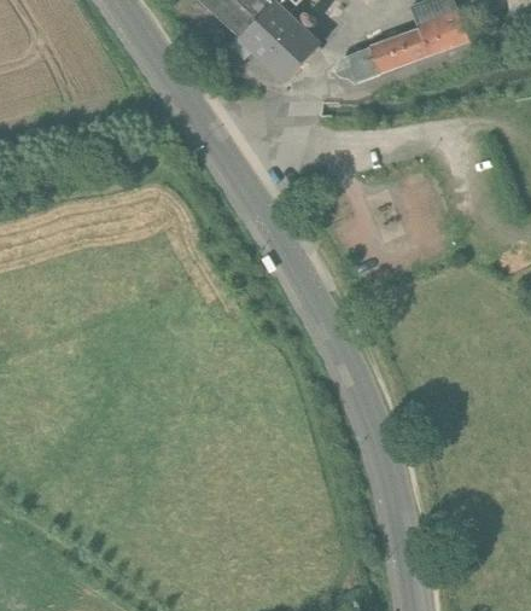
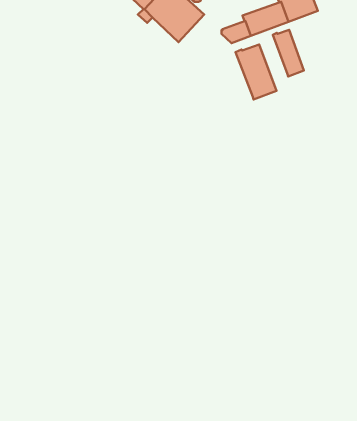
building: none -> [273,30,304,76]
building: none -> [235,44,276,99]

